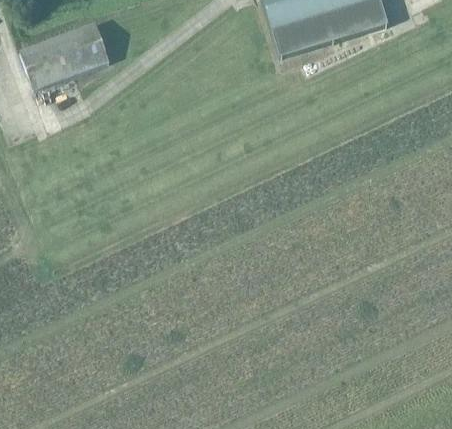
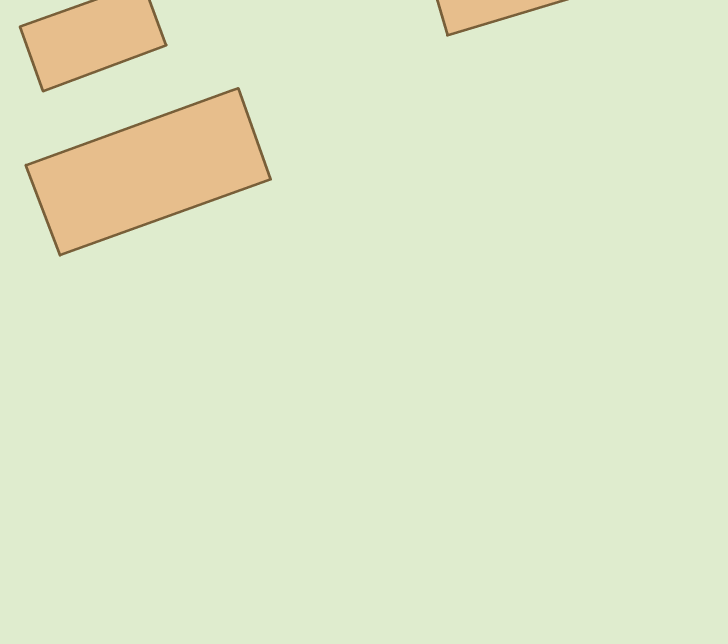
building: none -> [26,88,271,255]

